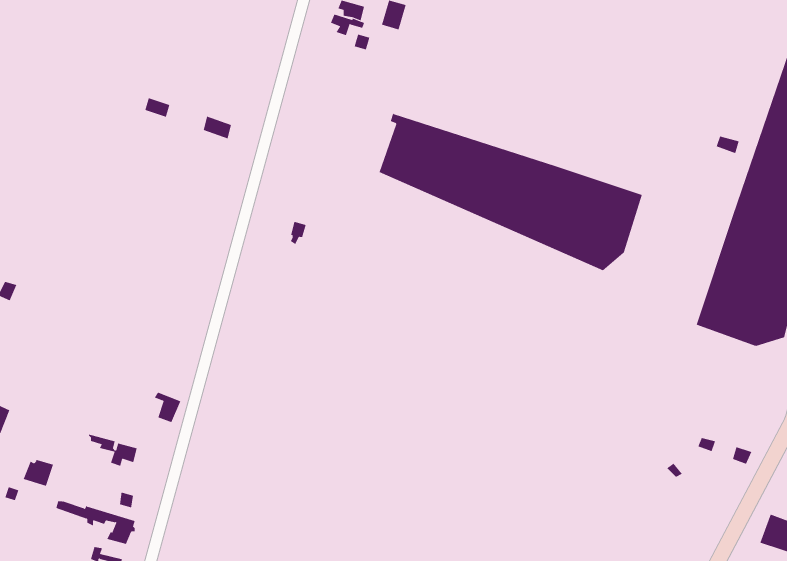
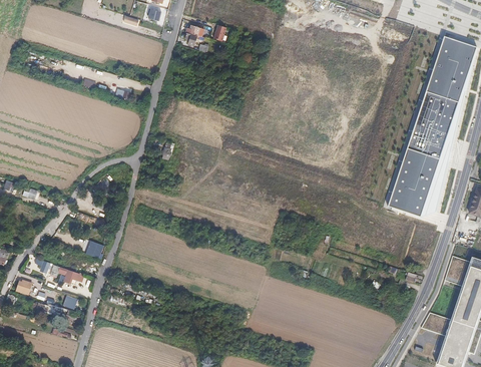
building: [379,112,642,271] -> none

